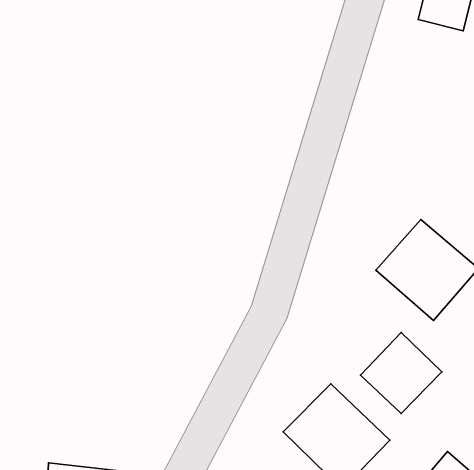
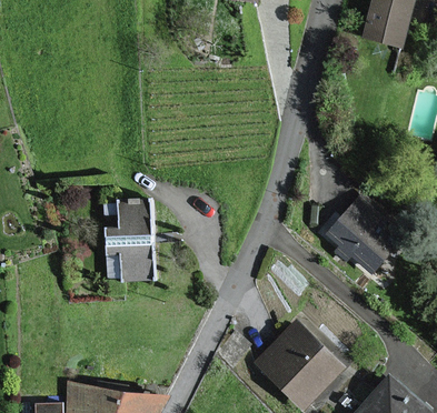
building: none -> [108,199,158,275]
building: [361,333,442,413] -> none

